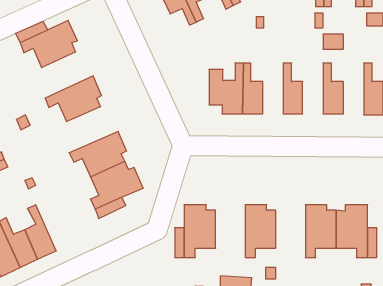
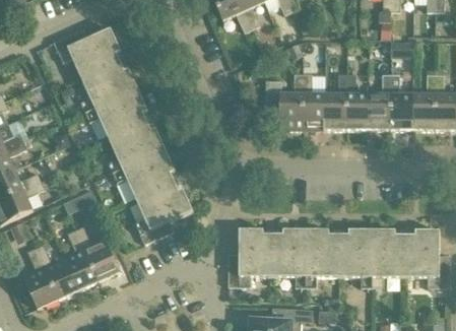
building: none -> [81,61,138,112]
building: none -> [324,73,346,129]
building: none -> [368,73,390,129]
building: none -> [412,73,435,130]
building: none -> [108,121,166,172]
building: none -> [75,224,119,279]
building: none -> [272,228,305,286]
building: none -> [338,228,371,286]

